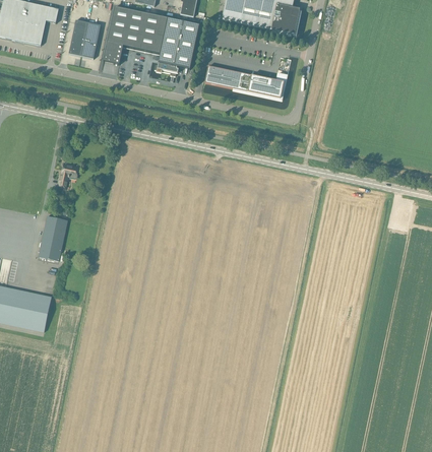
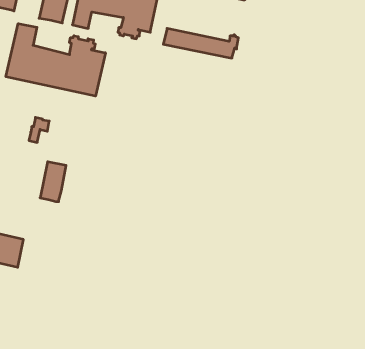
building: none -> [6,24,105,96]
building: [39,216,67,260] -> [40,162,66,202]

